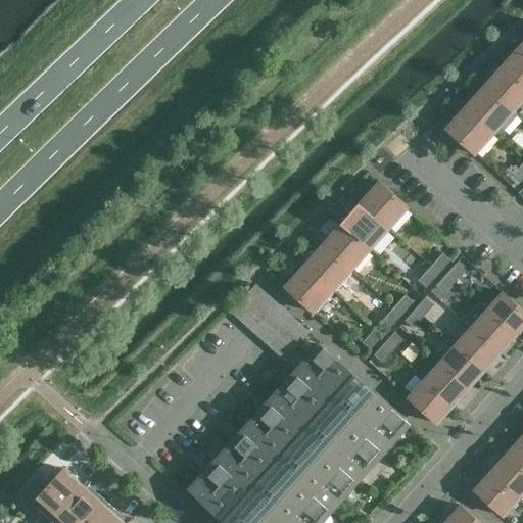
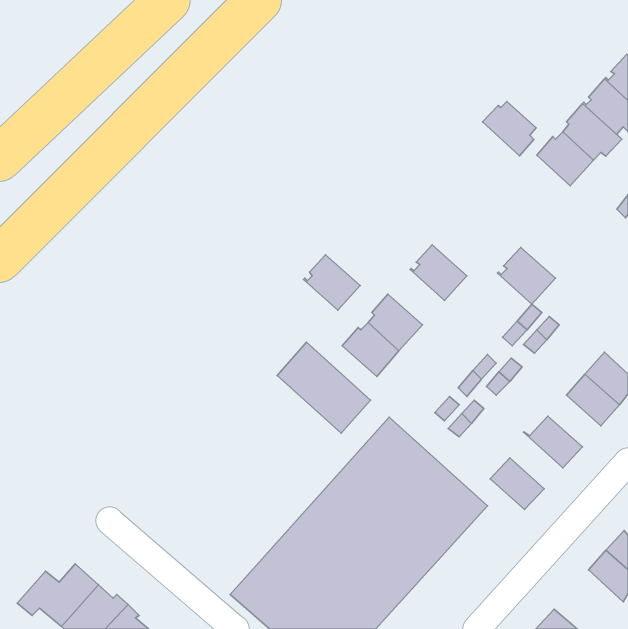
building: none -> [483,101,536,156]
building: [359,182,407,229] -> [497,247,555,304]
building: [322,224,369,270] -> [303,255,360,310]
building: [455,328,498,371] -> none
building: [421,359,467,406] -> none
building: [473,473,517,516] -> none

